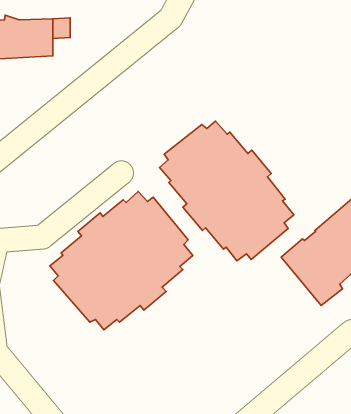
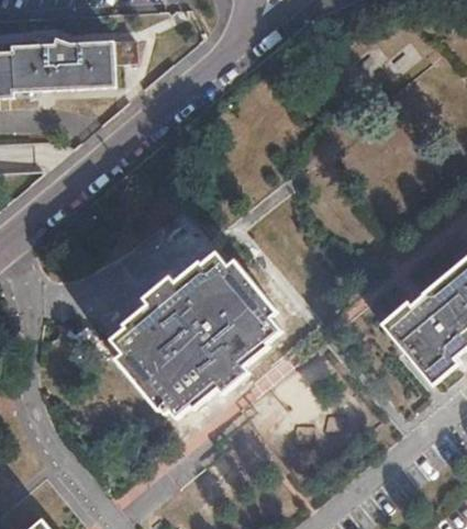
building: [159,121,294,261] -> none

